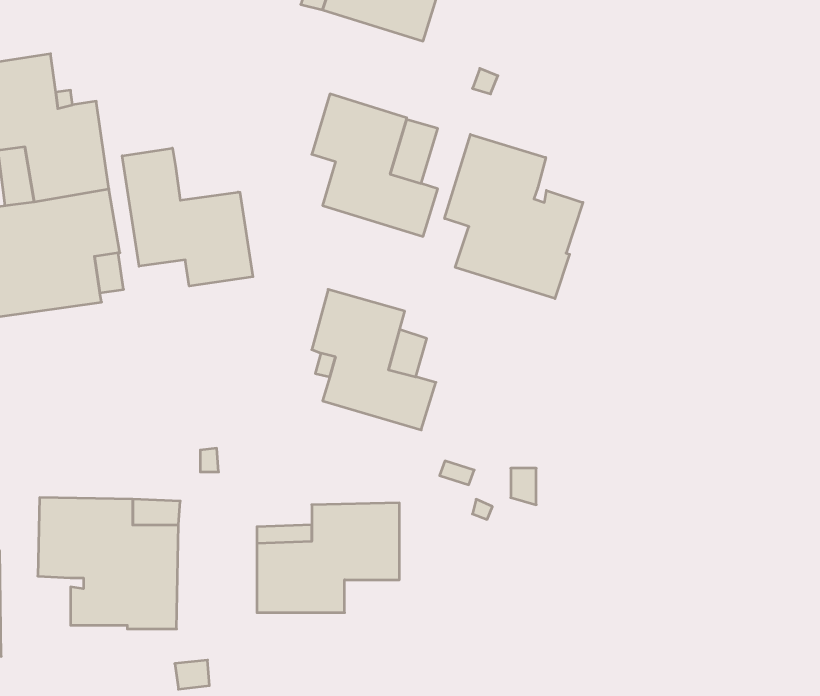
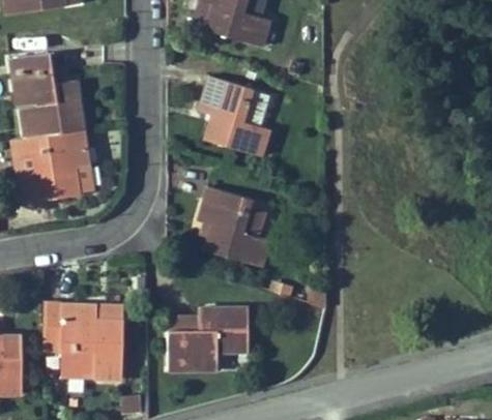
building: [445,134,583,299] -> none
building: [122,148,253,286] -> none

